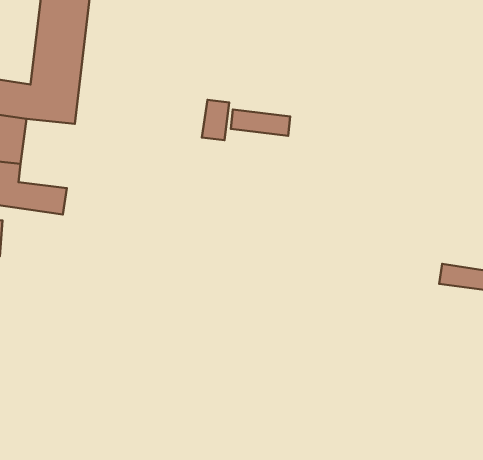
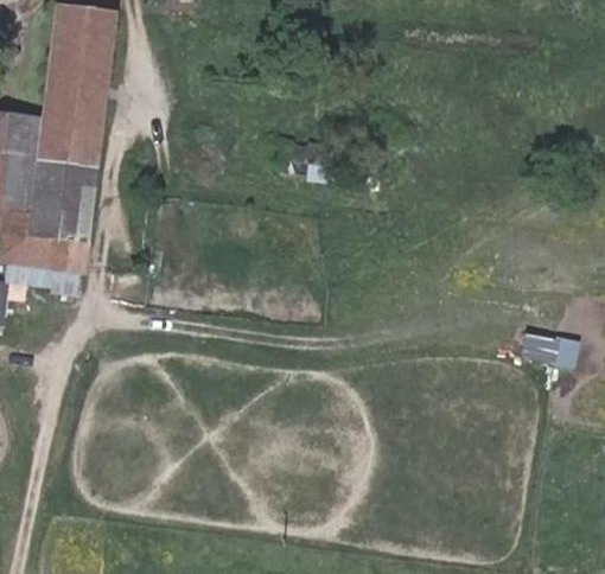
building: [202,100,229,140] -> none
building: none -> [30,159,96,241]

